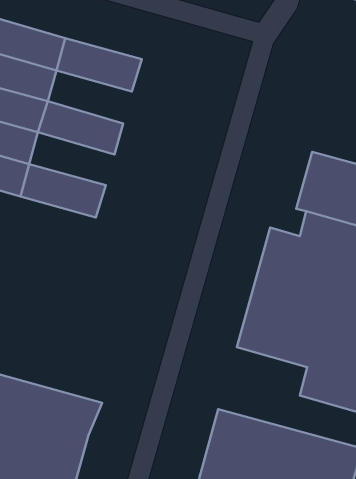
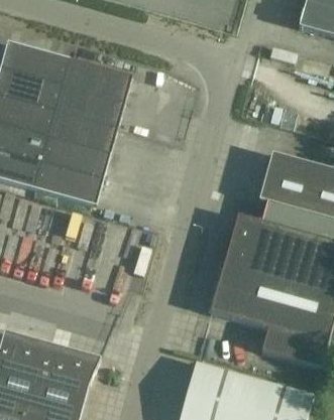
building: none -> [55,86,124,129]
building: none -> [40,136,110,179]

